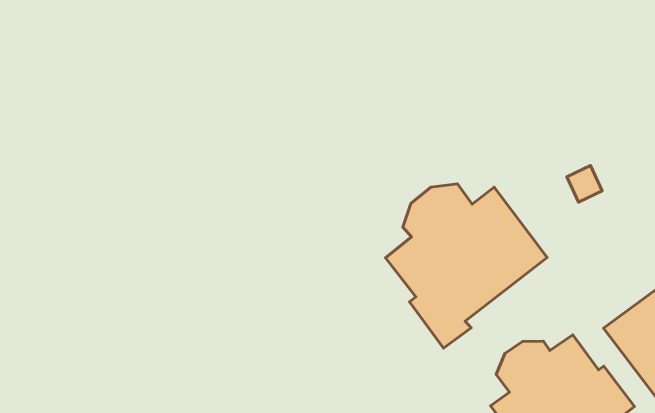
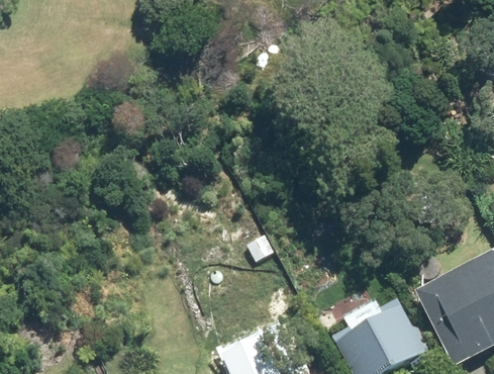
building: [385,184,547,348] -> none

